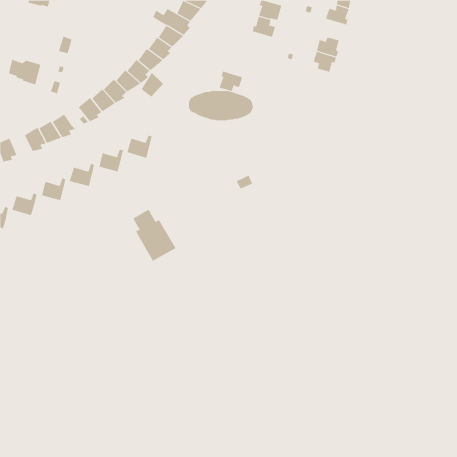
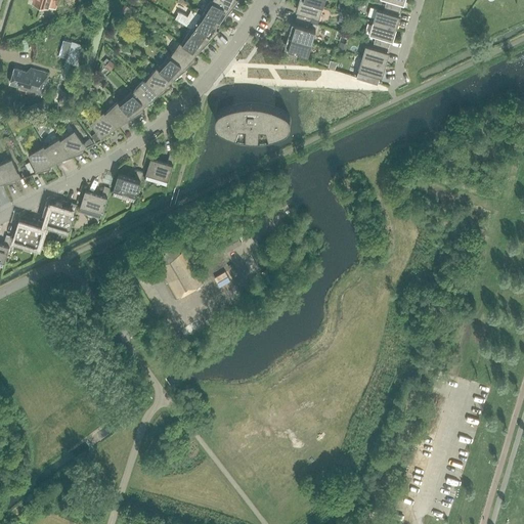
building: none -> [368,23,396,47]
building: [219,71,243,91] -> [283,37,311,60]
building: [141,72,165,98] -> none

